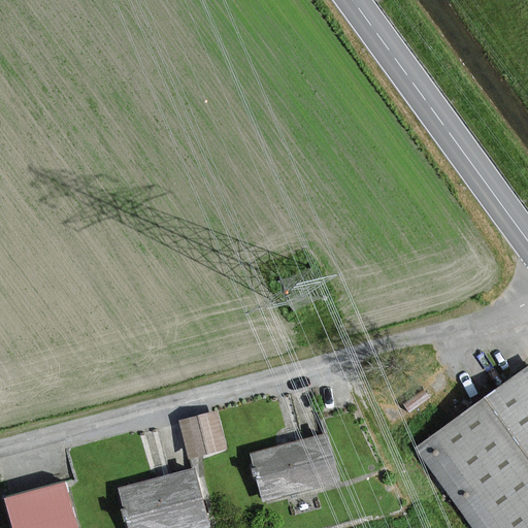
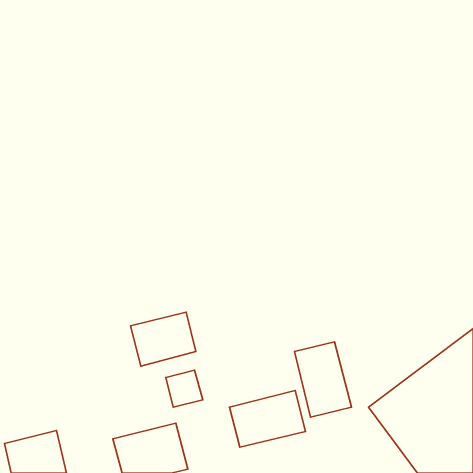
building: none -> [131,312,196,366]
building: none -> [294,342,352,417]

